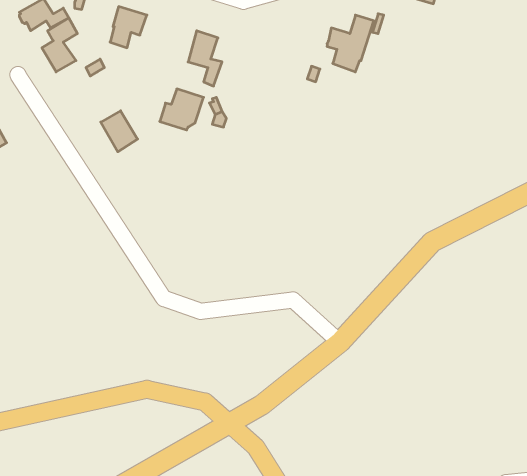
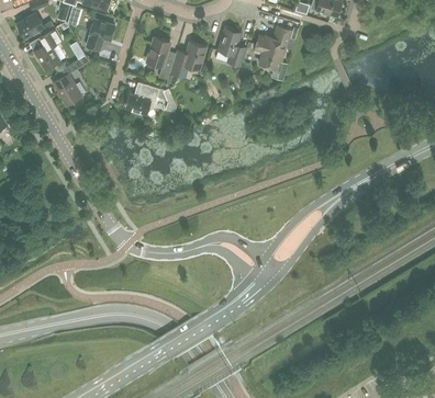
building: none -> [216,27,246,66]
building: none -> [170,42,207,77]
building: [101,111,138,152] -> [53,73,81,105]

